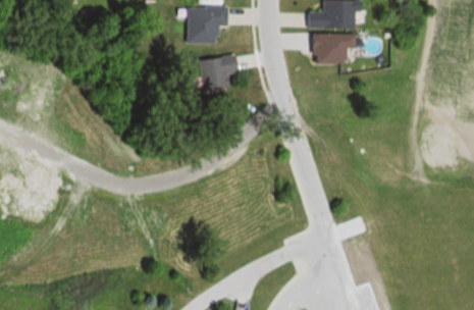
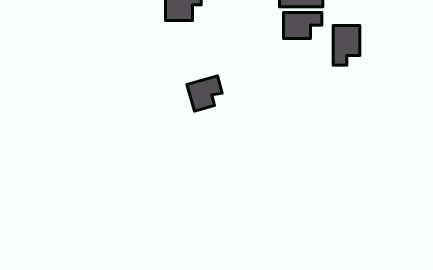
building: none -> [333,25,360,65]
building: [200,55,238,93] -> [187,76,222,111]

